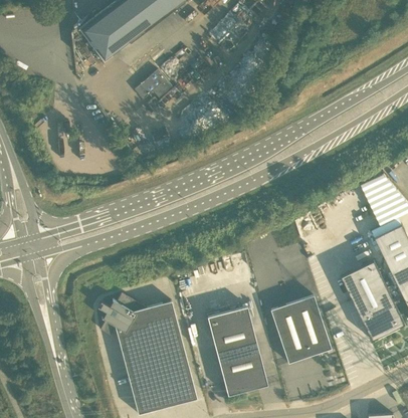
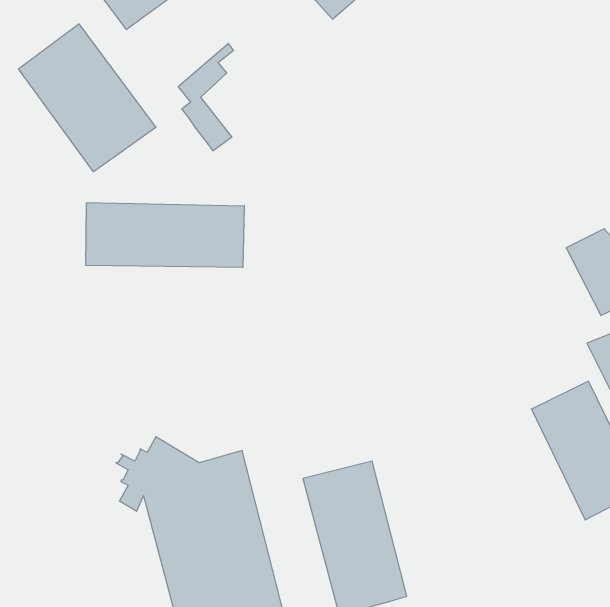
building: none -> [18,24,156,172]
building: none -> [86,203,244,267]
building: [270,296,331,364] -> none

